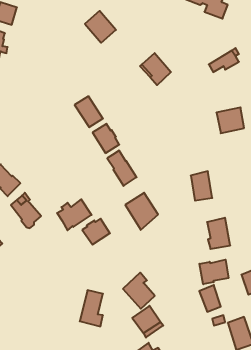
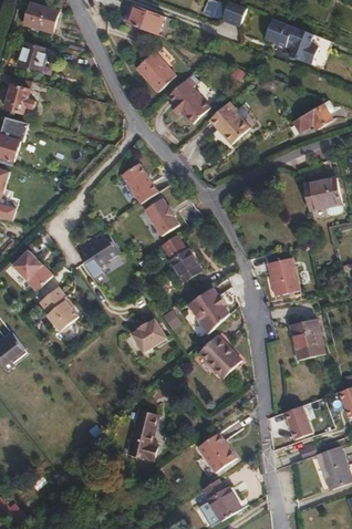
building: none -> [164,79,208,126]
building: [57,199,92,230] -> [76,234,121,273]
building: [199,260,228,284] -> none
building: [123,273,155,309] -> [198,331,239,377]

